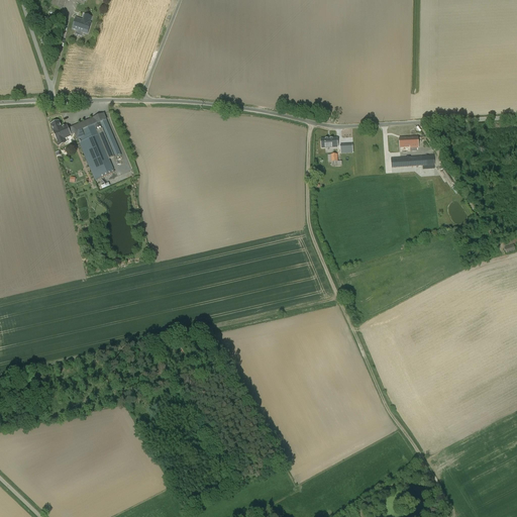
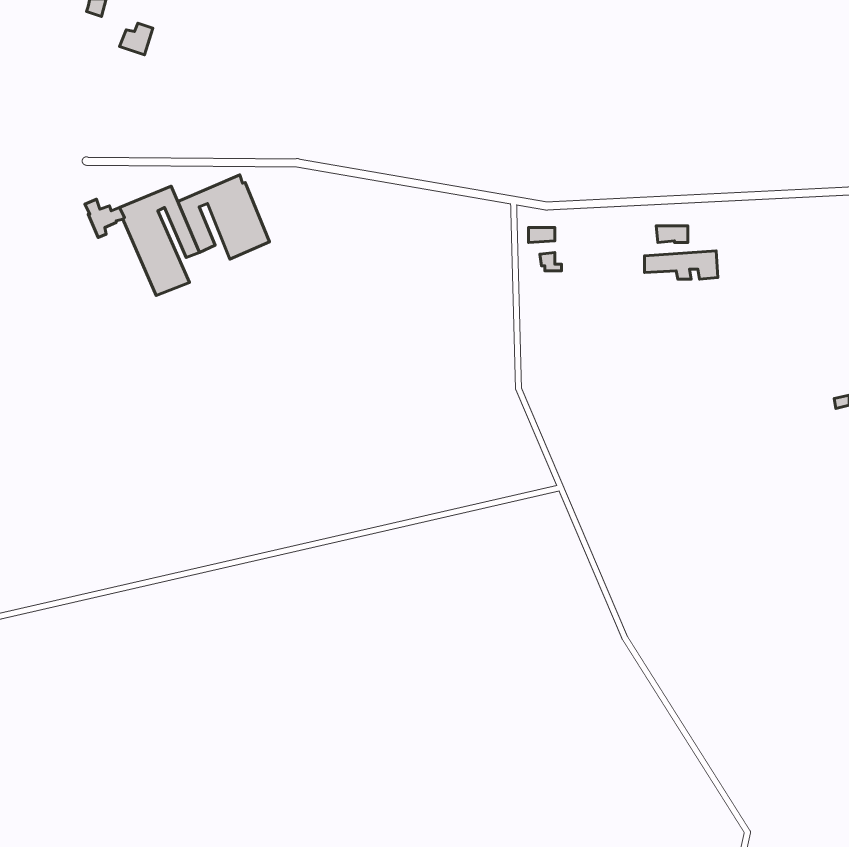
building: none -> [178,175,269,259]

